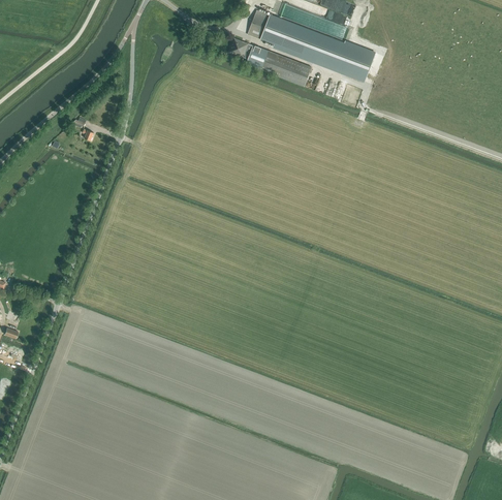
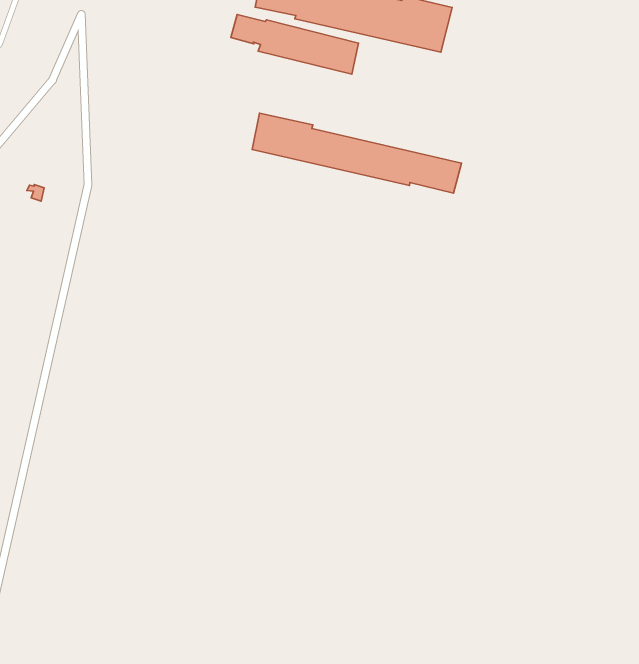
building: none -> [252,113,462,193]

